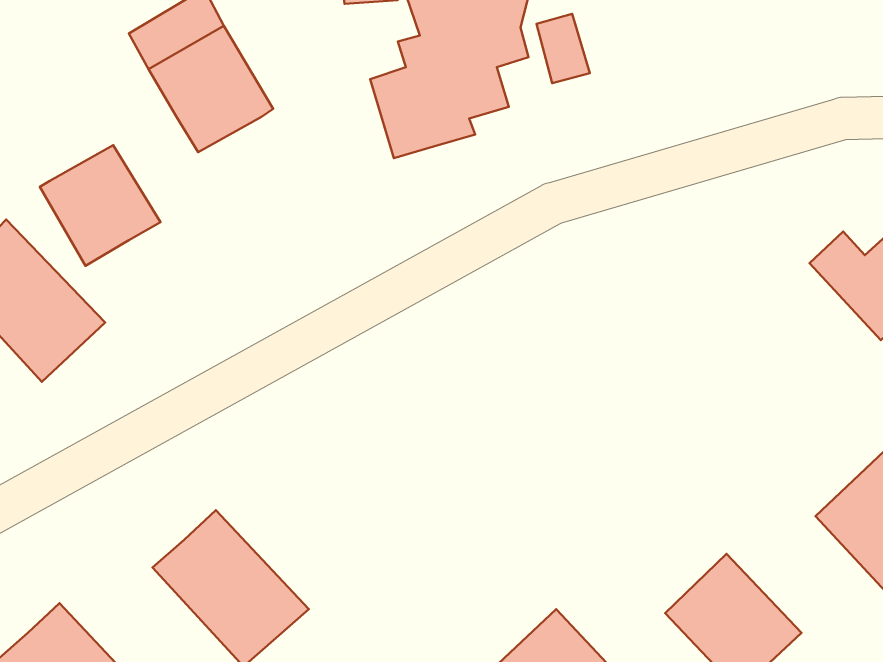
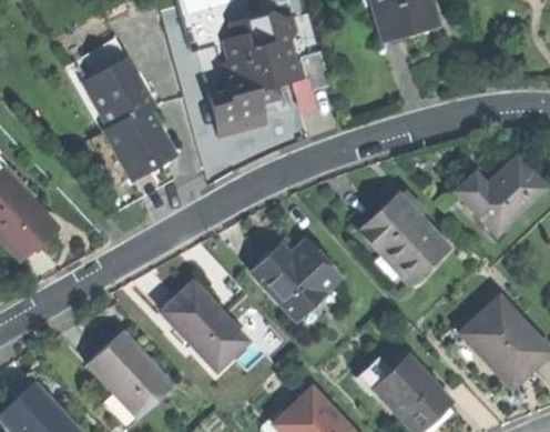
building: [40,145,161,266] -> [106,110,174,178]
building: none -> [358,193,448,284]
building: none -> [252,241,339,319]
building: none -> [161,281,247,370]

